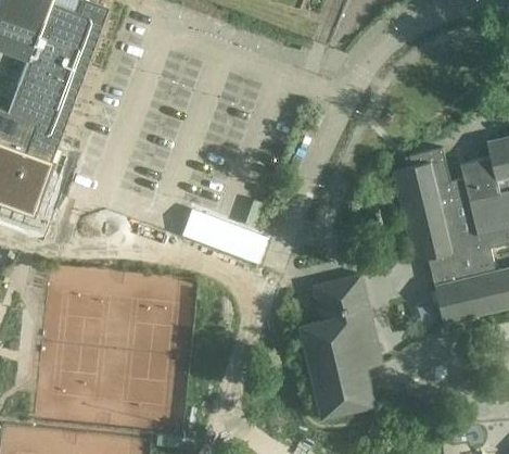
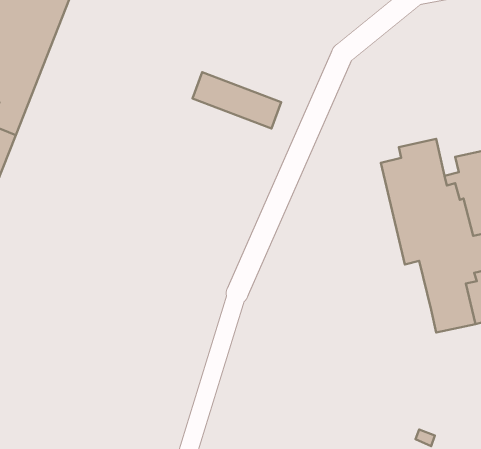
building: [183,211,264,262] -> [193,72,281,128]
building: [298,277,381,418] -> none

